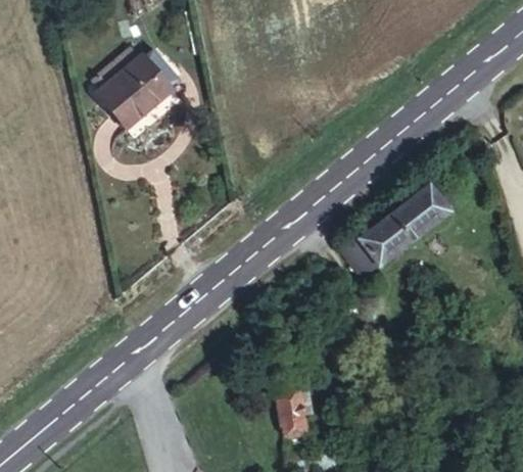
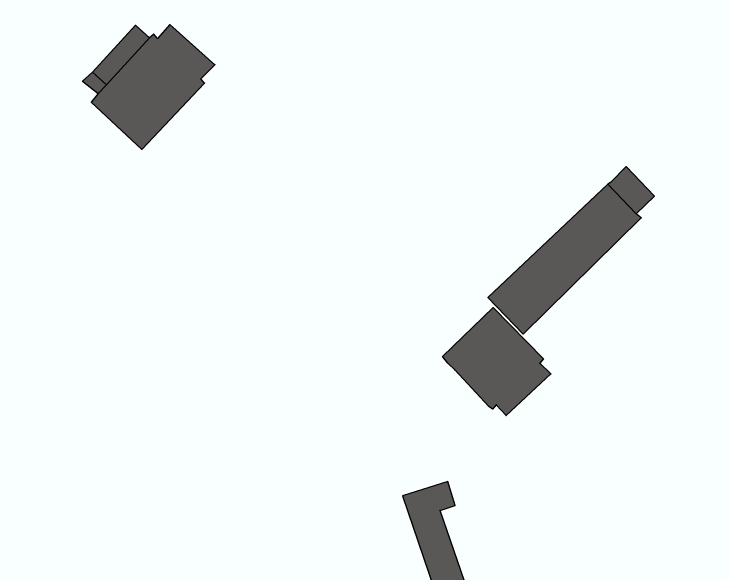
building: none -> [443,308,551,416]

